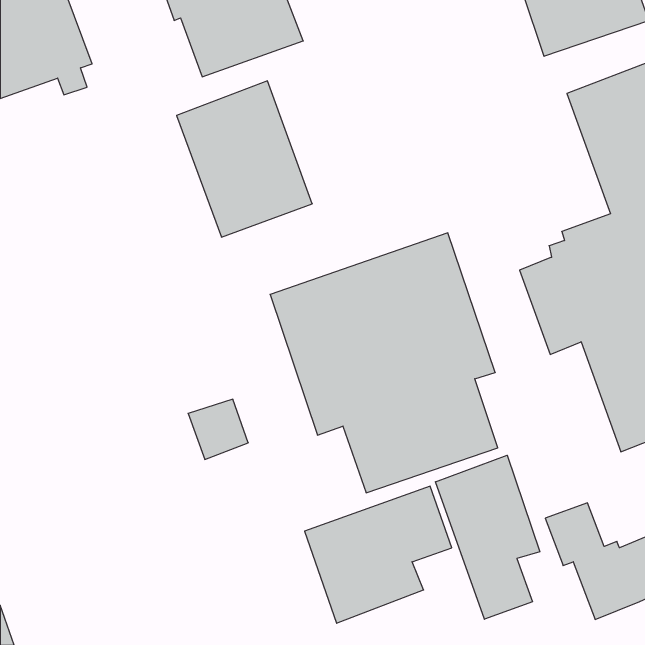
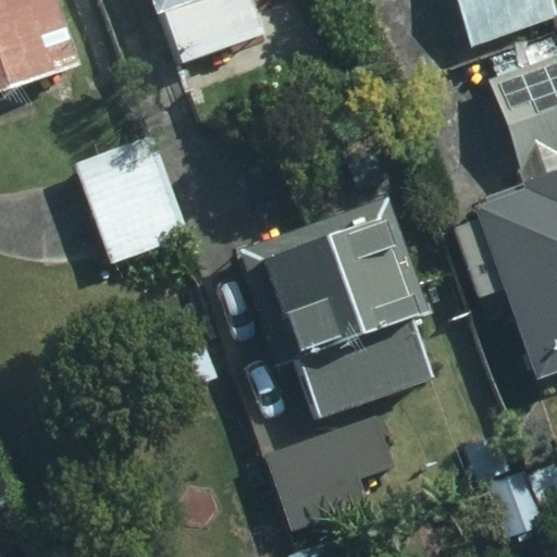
building: [177,81,312,237] -> [74,134,189,267]
building: [435,455,540,619] -> none

